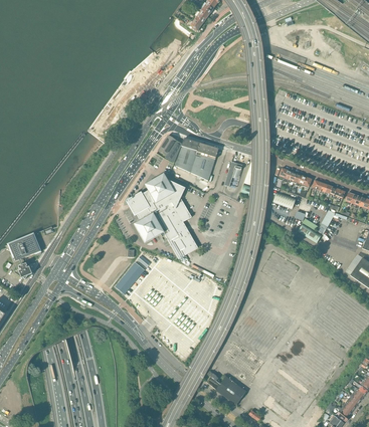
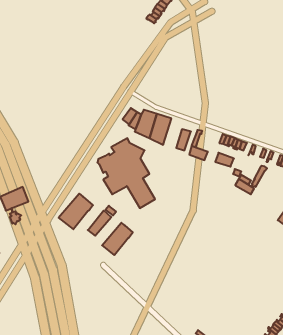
building: none -> [59,194,93,229]
building: none -> [102,223,133,255]
building: [206,371,245,404] -> none

